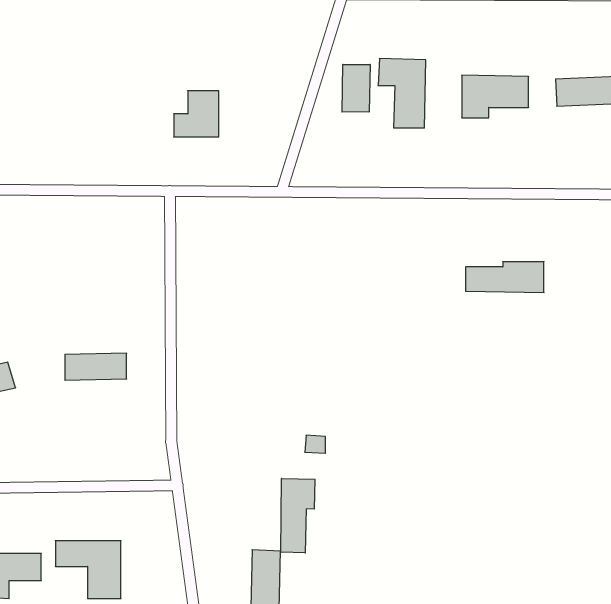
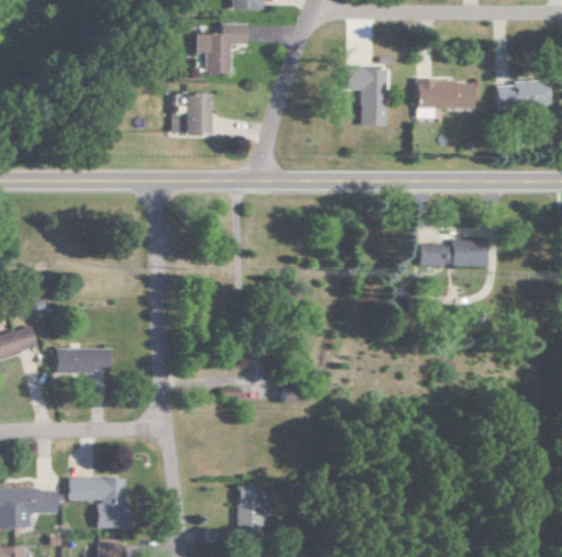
building: none -> [194,24,246,74]
building: [342,64,370,112] -> none
building: [65,353,127,380] -> [56,348,109,371]
building: [281,478,315,553] -> none

